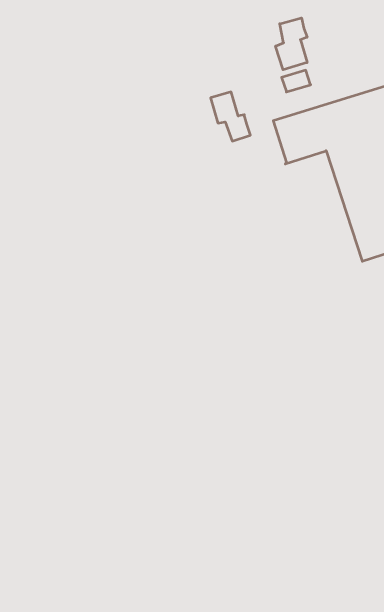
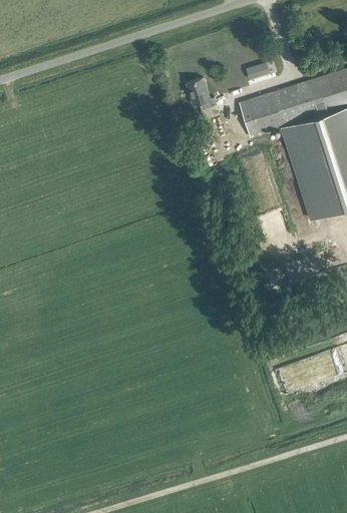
building: [276,18,307,70] -> none

